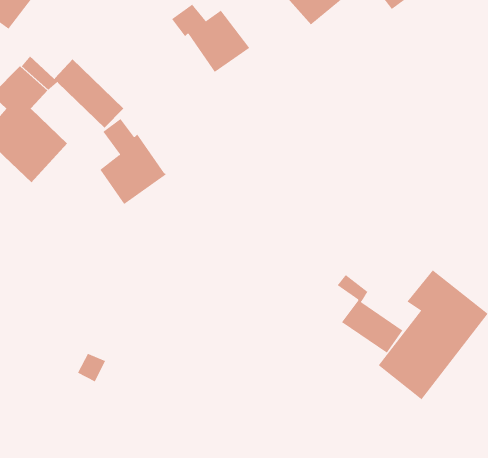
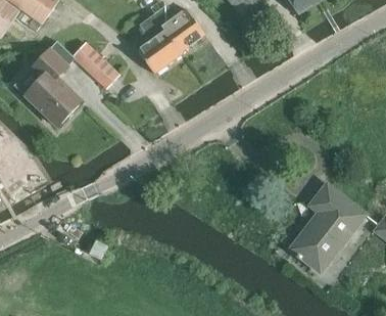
building: [100,118,166,205] -> [137,15,182,74]
building: [337,274,403,353] -> none

